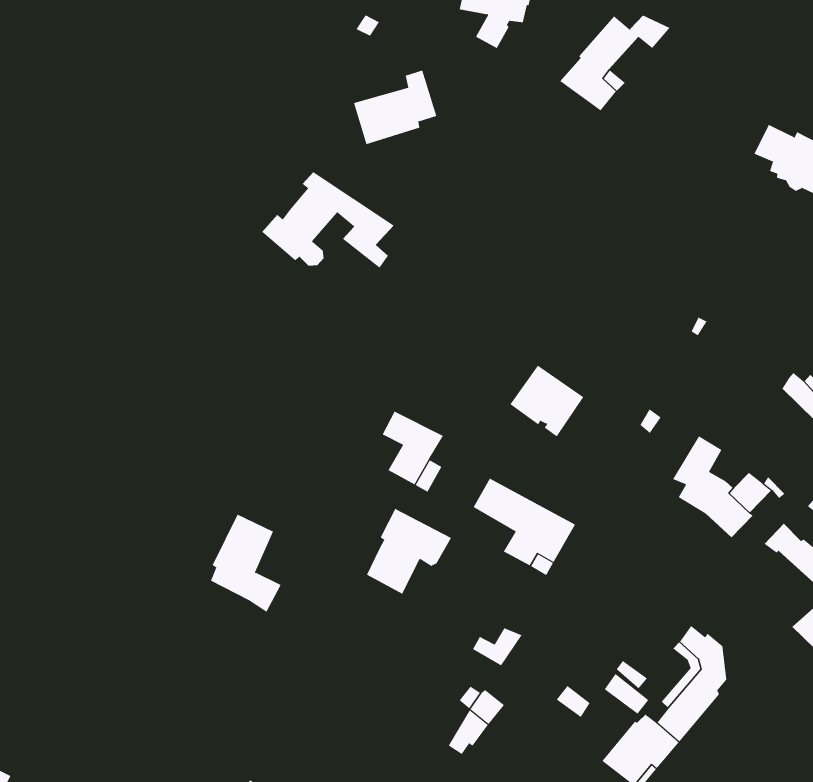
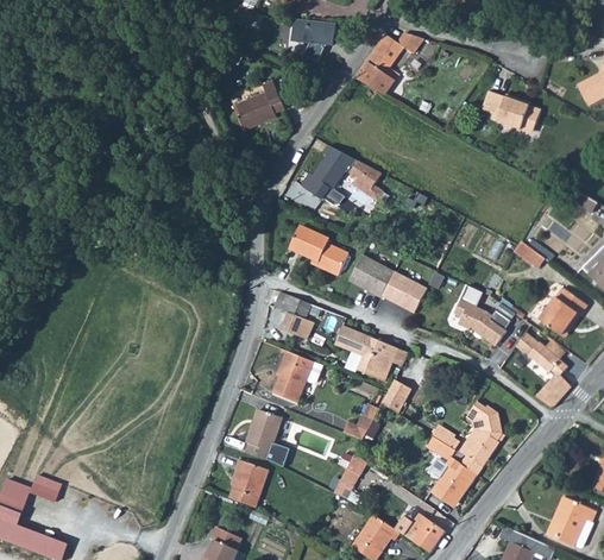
building: [262,171,394,268] -> [301,145,382,203]
building: none -> [289,226,348,275]
building: none -> [380,270,426,313]
building: [210,514,281,612] -> [245,409,289,467]
building: none -> [380,379,411,414]
building: none -> [228,458,269,508]

